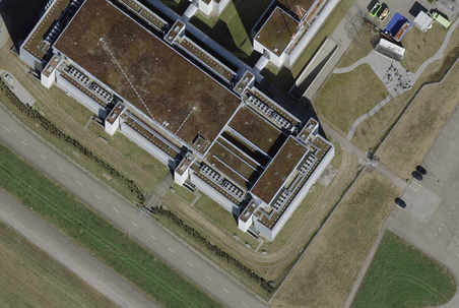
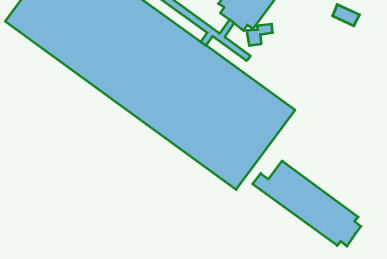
building: none -> [253,161,361,246]

